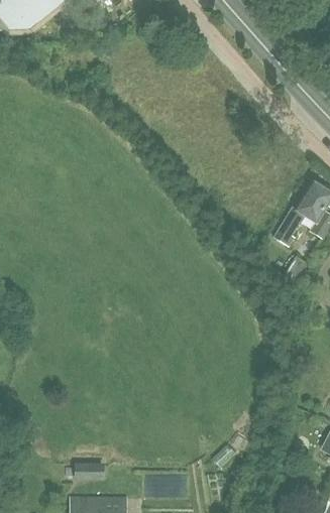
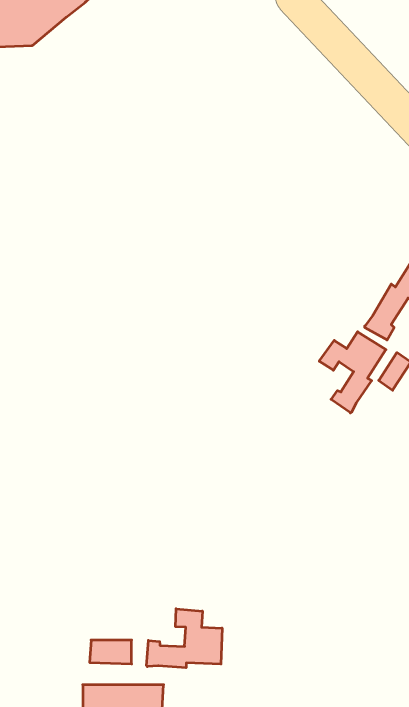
building: none -> [319,332,386,413]
building: none -> [147,609,222,668]

